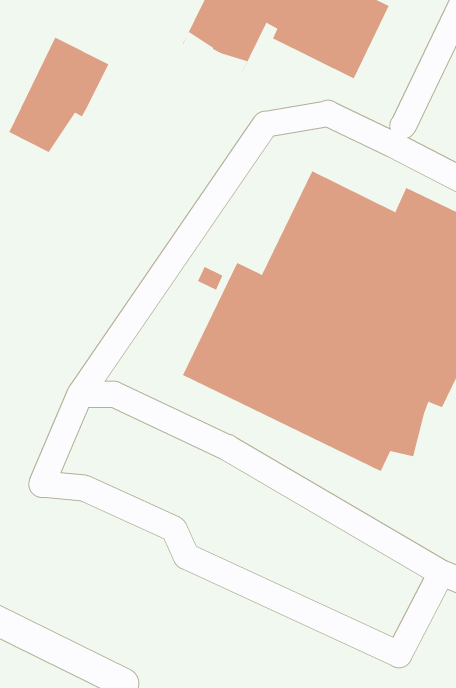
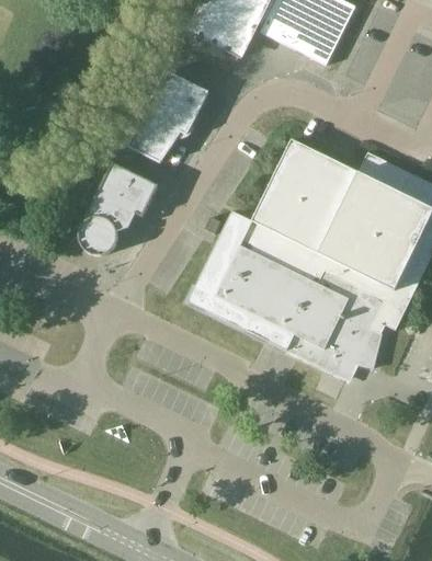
building: [8,37,109,153] -> [127,70,208,163]
building: none -> [69,163,158,256]

